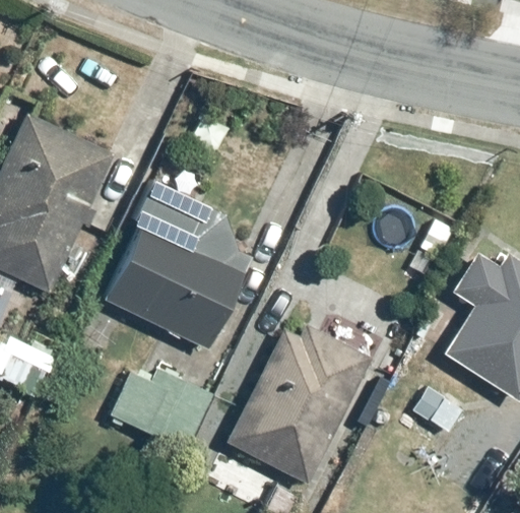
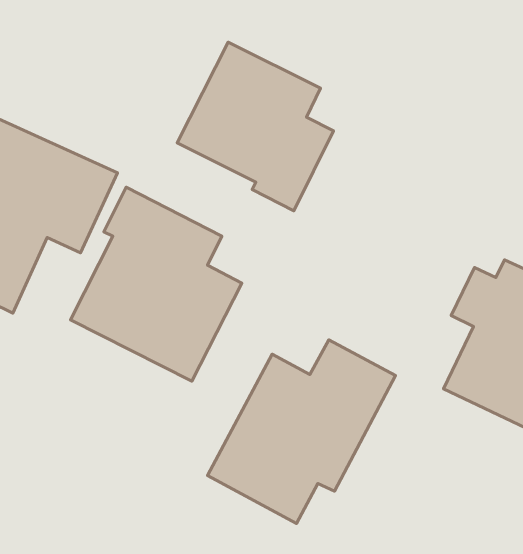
building: none -> [177,42,333,211]
building: [108,369,216,468] -> none

